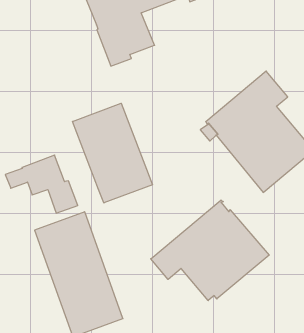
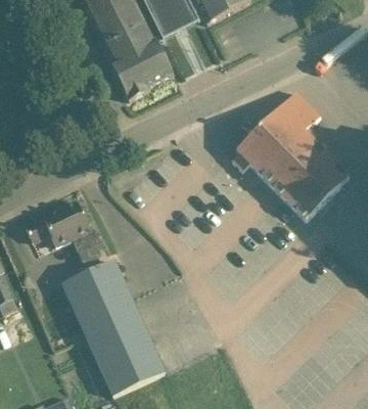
building: [73,103,153,203] -> none
building: [151,200,269,301] -> none

